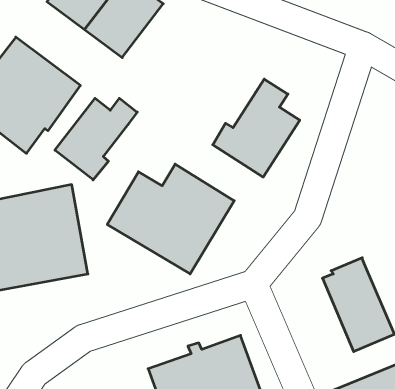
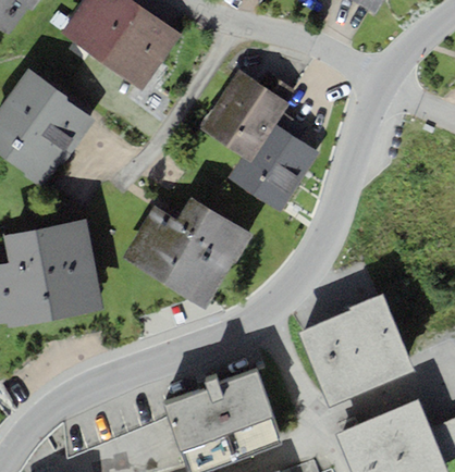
building: none -> [199,71,287,161]
building: [55,98,137,180] -> none
building: none -> [297,313,372,406]

